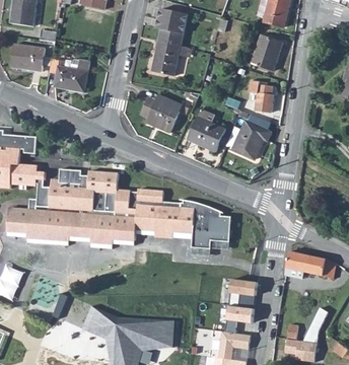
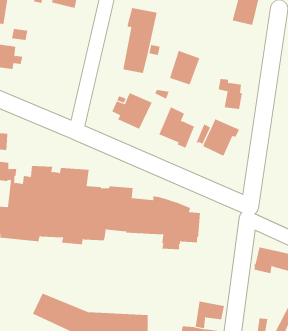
building: [251,34,282,70] -> [169,50,200,85]
building: [48,58,89,92] -> none
building: [228,279,258,307] -> none

